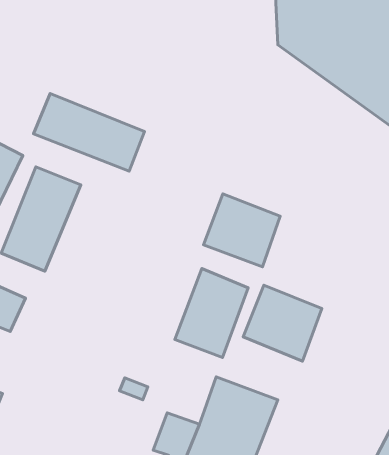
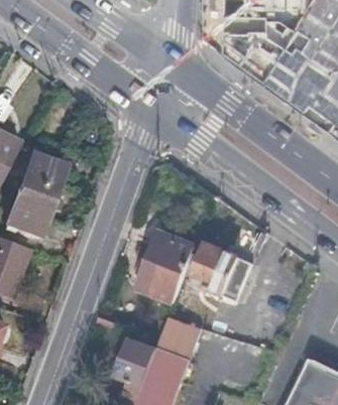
building: [34,93,145,171] -> none
building: [203,194,280,267] -> none

